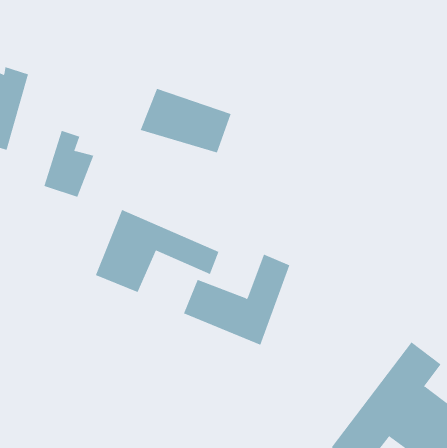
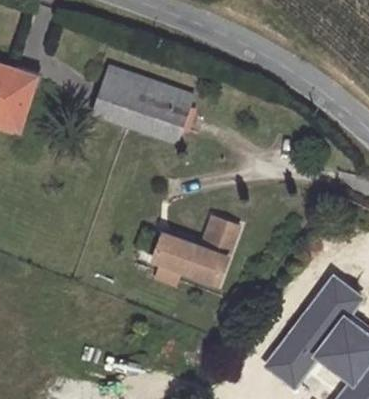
building: [43,130,94,198] -> [93,63,133,116]
building: [95,209,219,293] -> none

